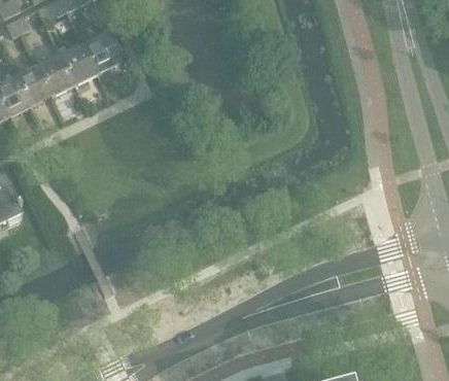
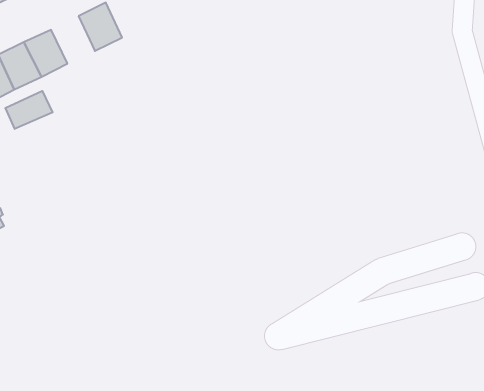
building: [60,43,96,82] -> none
building: none -> [5,91,53,129]

